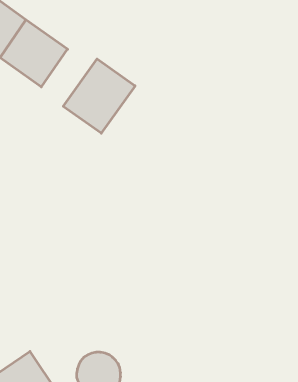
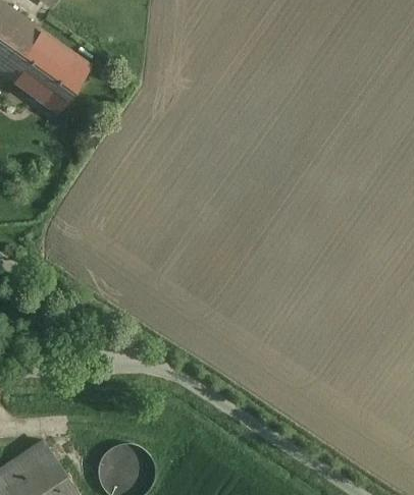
building: [63,59,135,133] -> none

